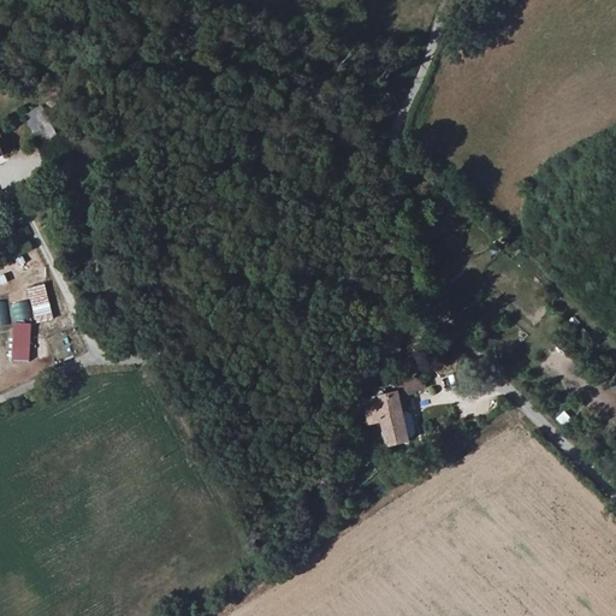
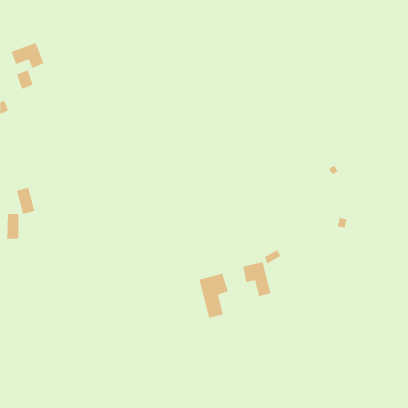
building: none -> [11,42,44,69]
building: none -> [199,273,228,318]

